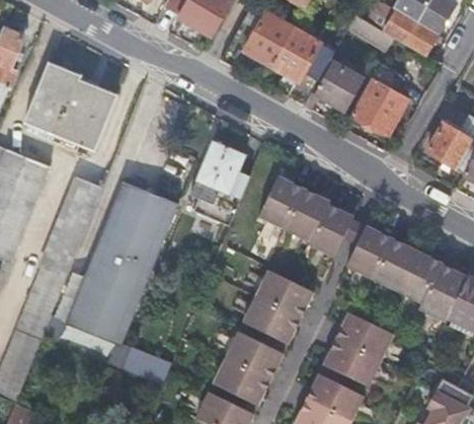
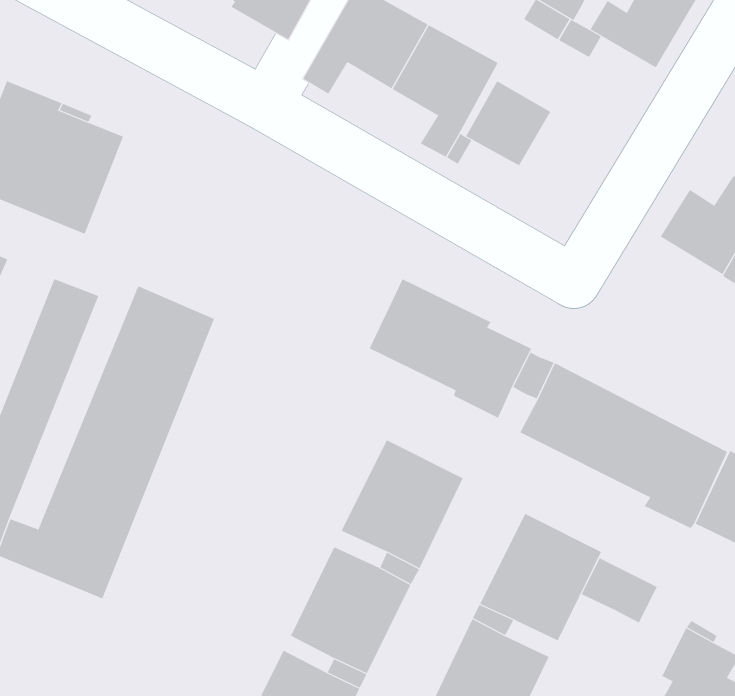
building: [351,63,407,134] -> none
building: [190,140,249,225] -> none
building: [104,199,177,384] -> none
building: none -> [581,558,657,623]

